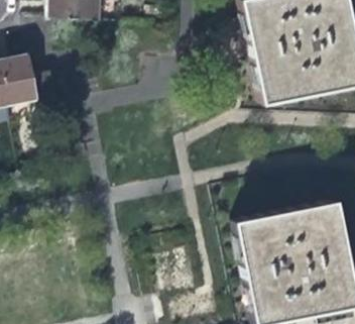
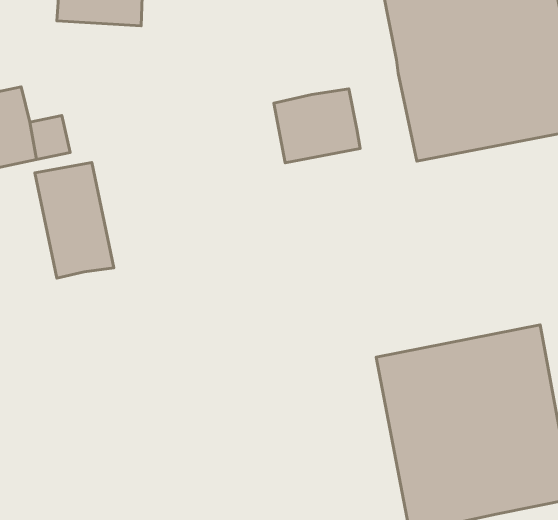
building: none -> [274,89,360,163]
building: none -> [35,163,114,278]

